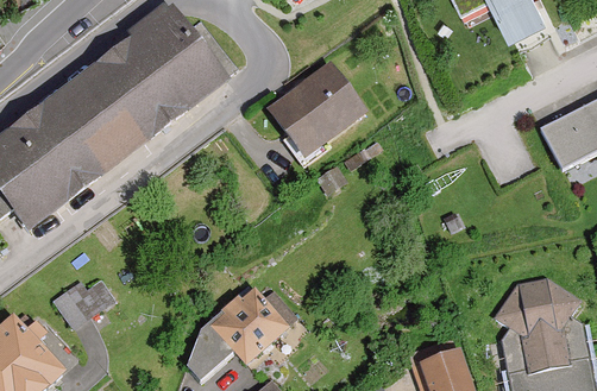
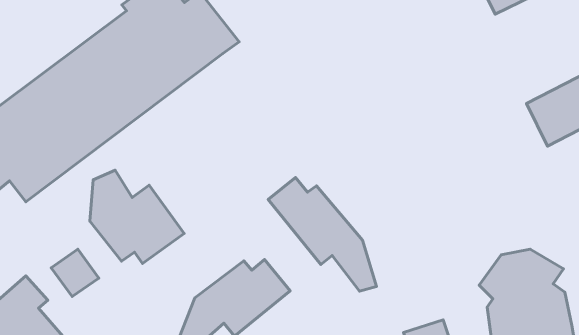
building: [263,59,366,160] -> none
building: none -> [90,170,184,263]
building: none -> [268,177,376,291]

